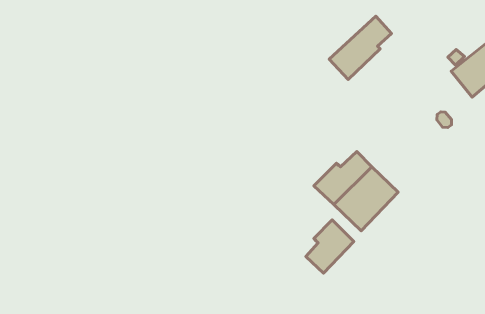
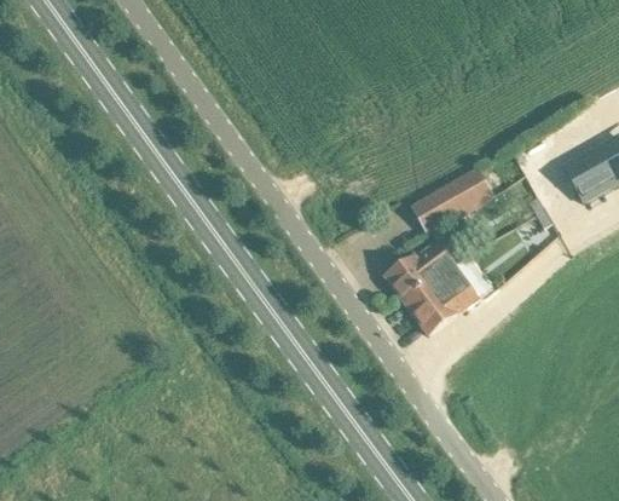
building: [329,16,391,79] -> [412,167,488,235]
building: [306,220,354,273] -> none

